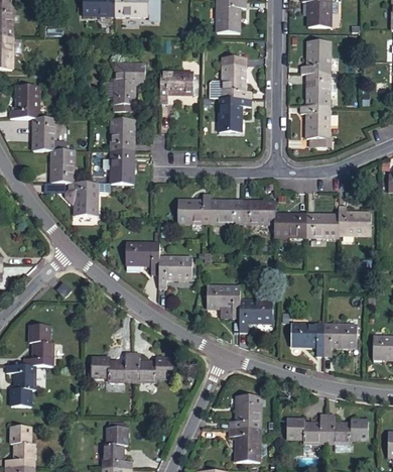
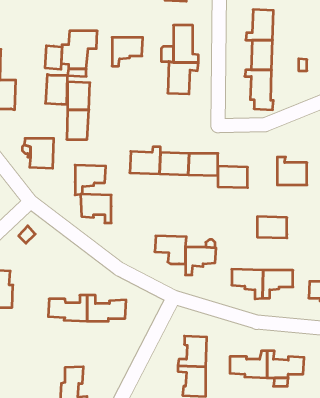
building: none -> [45,46,62,69]
building: [47,149,72,182] -> [45,74,68,104]
building: [306,213,339,236] -> [257,217,287,238]
building: [158,255,191,287] -> [75,165,106,195]

